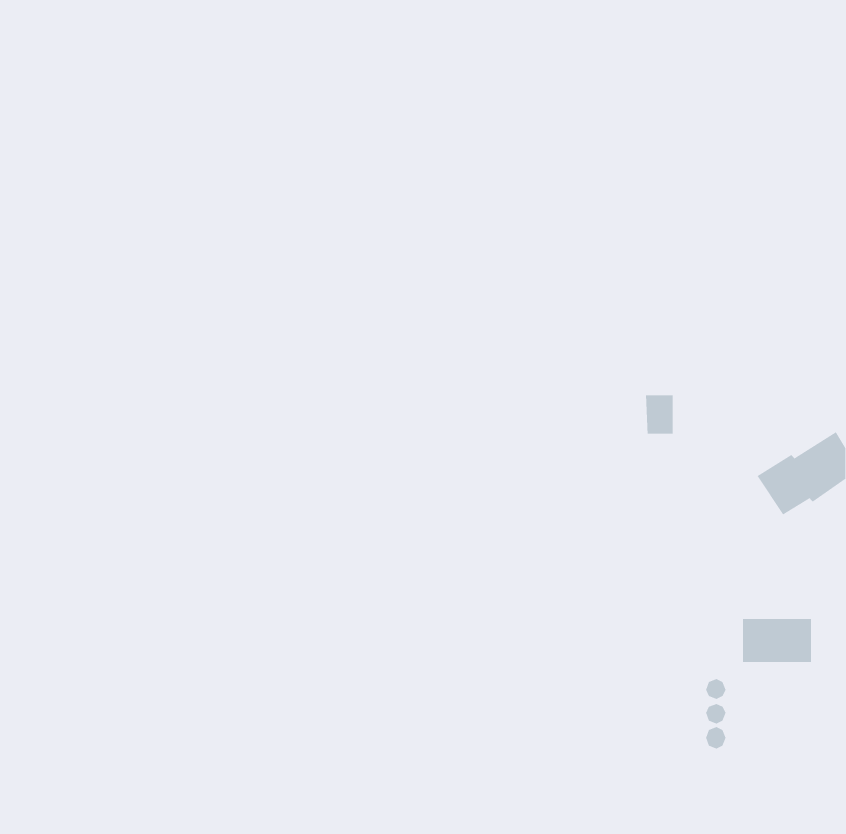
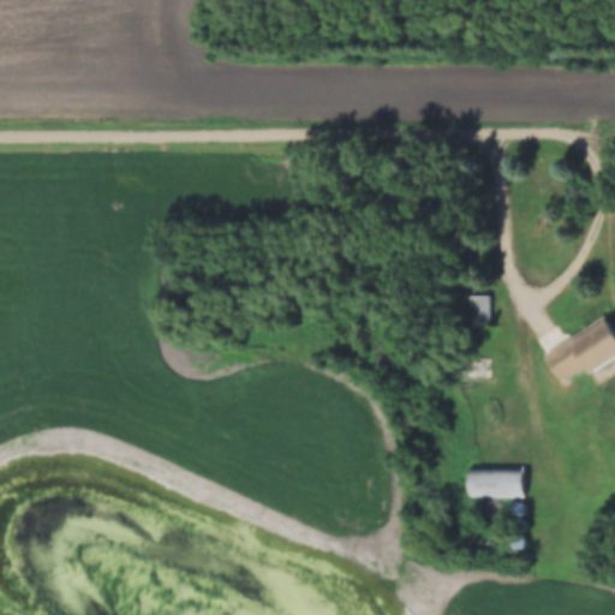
building: [742,618,812,663] -> [470,465,520,497]

